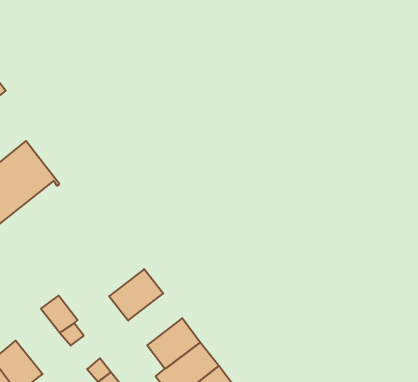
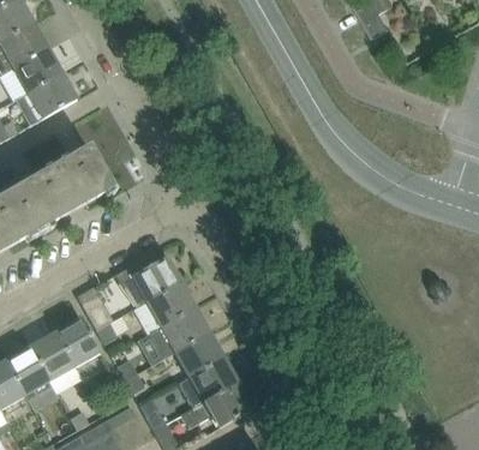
building: none -> [118,251,181,307]
building: none -> [150,306,210,358]
building: none -> [53,316,98,365]

